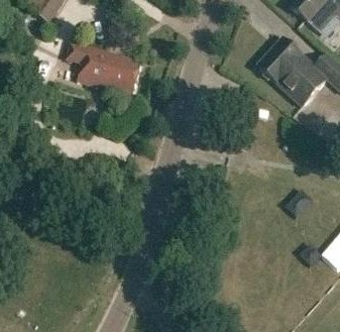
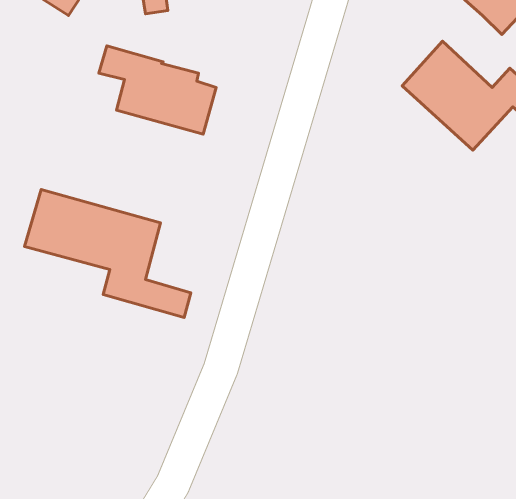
building: none -> [25,189,191,318]

